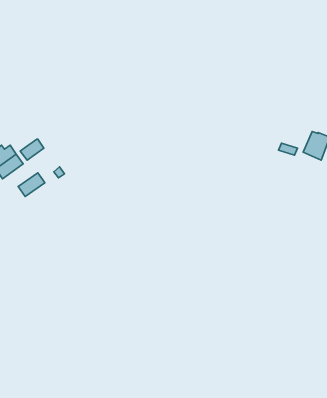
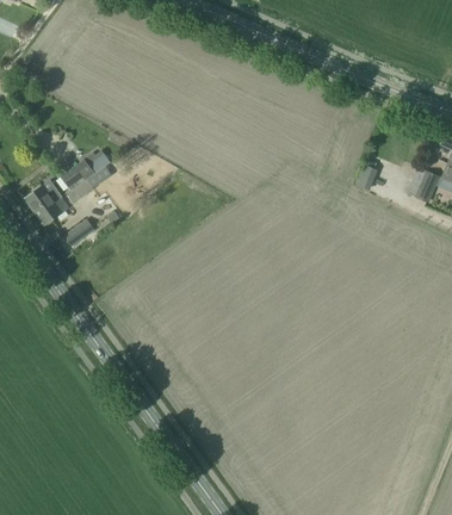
building: none -> [61,151,104,188]

